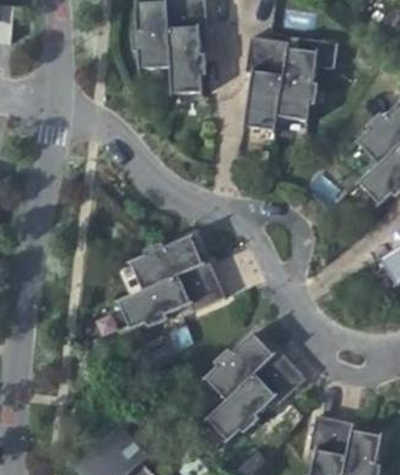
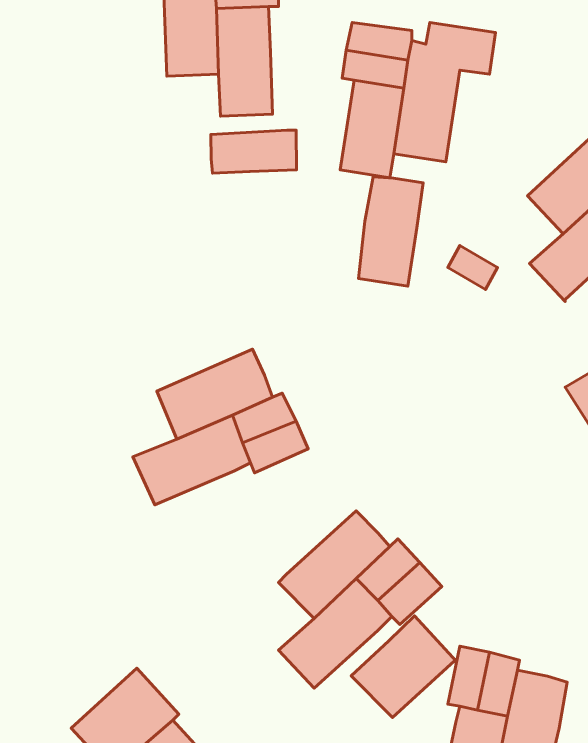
building: none -> [211,130,297,173]
building: none -> [358,177,423,286]
building: none -> [351,616,457,718]

